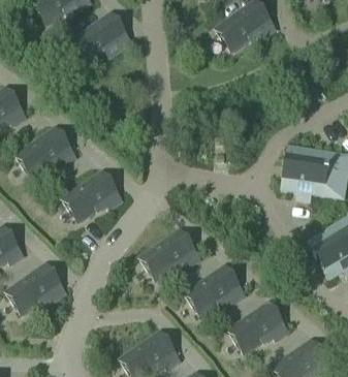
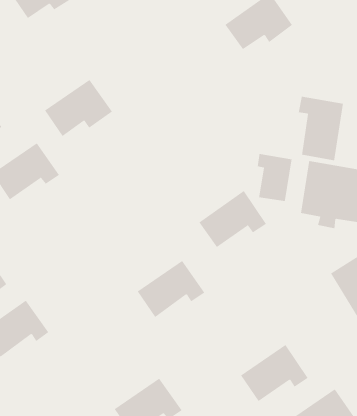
building: [71,13,130,63] -> [44,79,113,137]
building: none -> [298,96,344,161]
building: none -> [257,153,292,202]
building: [63,171,122,221] -> none
building: [186,265,245,315] -> [198,190,267,248]

